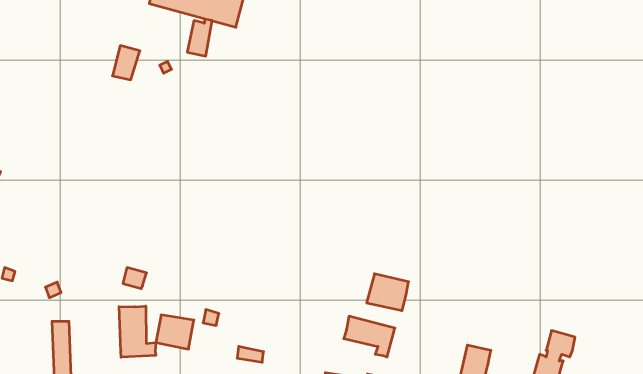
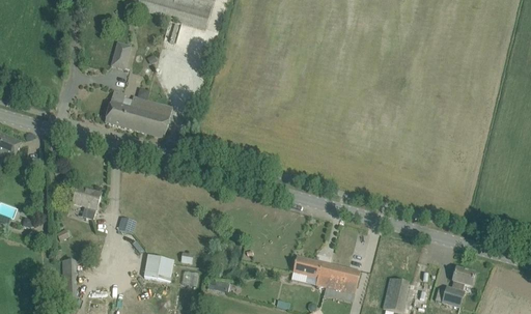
building: none -> [104,90,171,138]
building: none -> [72,188,101,209]
building: [367,274,409,311] -> [326,264,359,293]
building: [119,306,156,357] -> none

